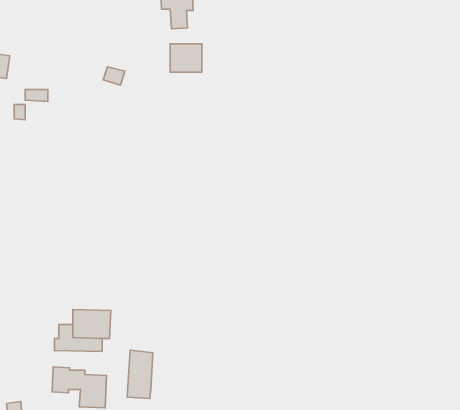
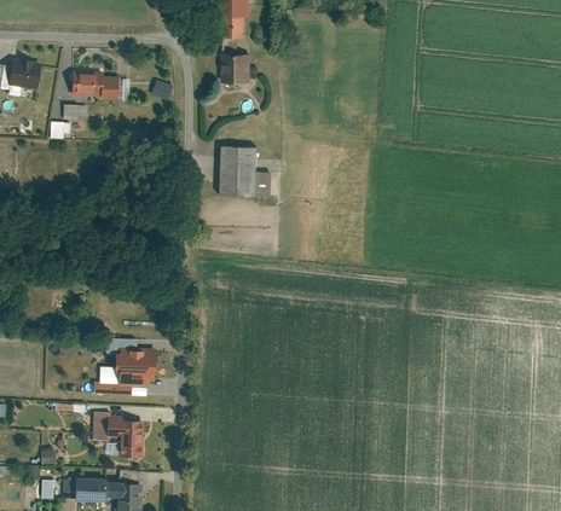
building: none -> [73,72,121,100]
building: none -> [218,143,259,193]
building: [127,350,153,398] -> none

